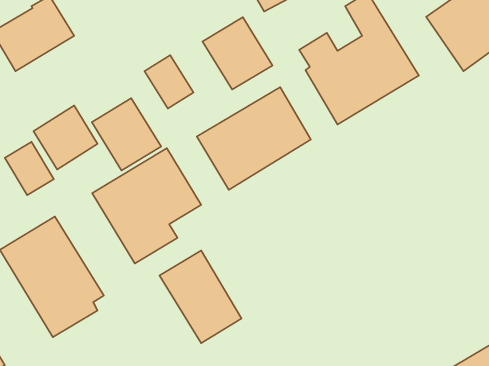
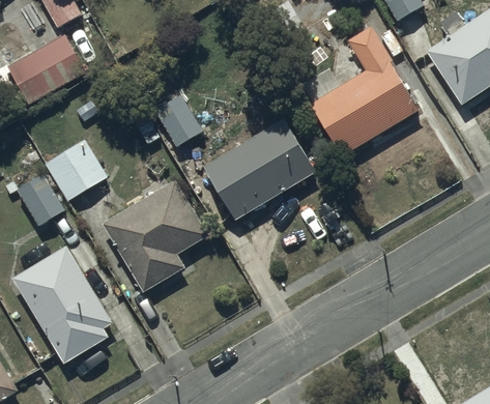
building: [202,17,272,90] -> none
building: [92,98,161,170] -> none
building: [160,250,242,343] -> none

